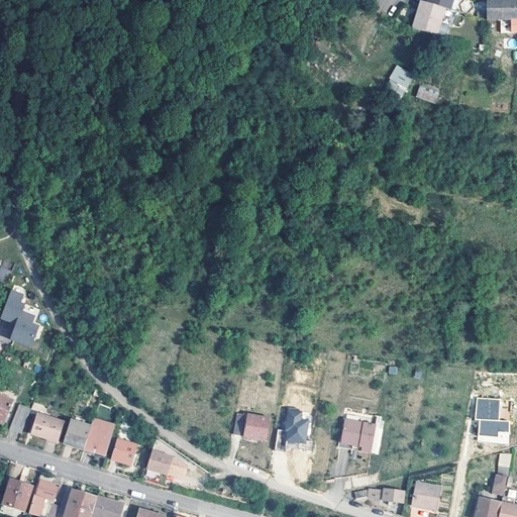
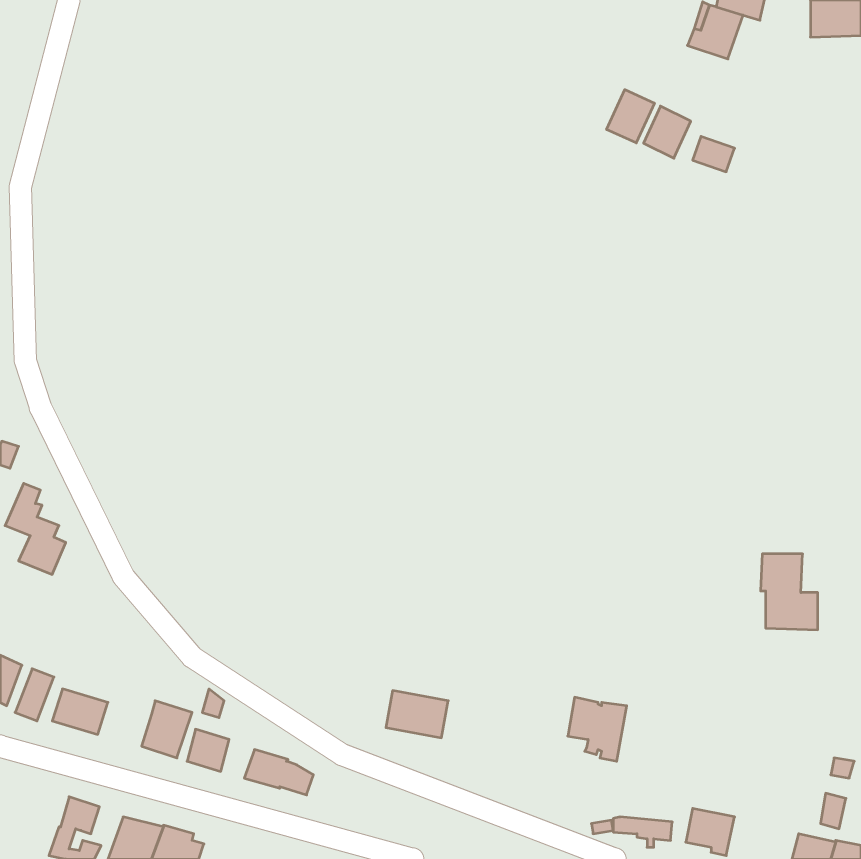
building: none -> [607,90,654,143]
building: [475,397,509,442] -> [761,554,818,630]
building: [275,407,309,449] -> none
building: [64,421,91,450] -> none
building: [4,479,33,511] -> none

